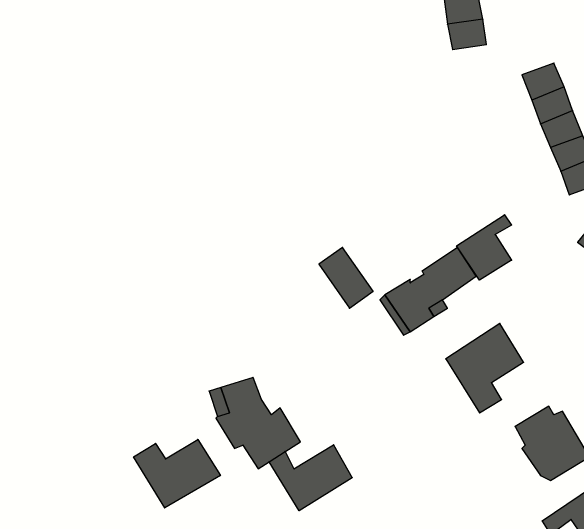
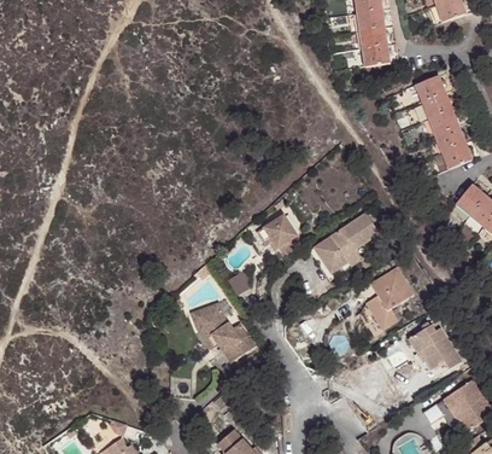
building: [457,215,512,280] -> none
building: [134,439,220,508] -> none
building: [269,445,352,511] -> none

